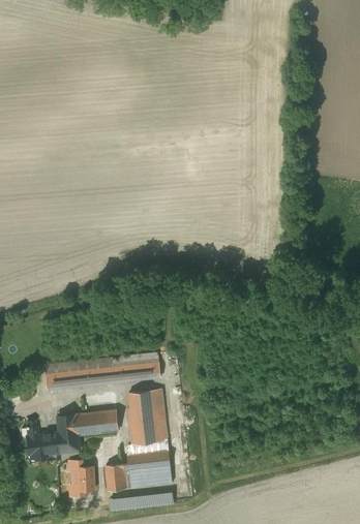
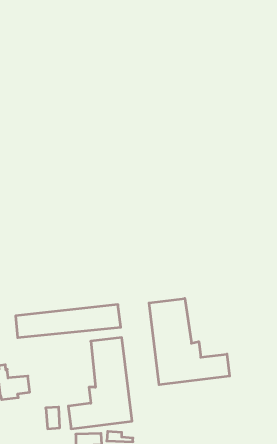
building: none -> [149,298,230,385]
building: [57,410,118,453] -> none

